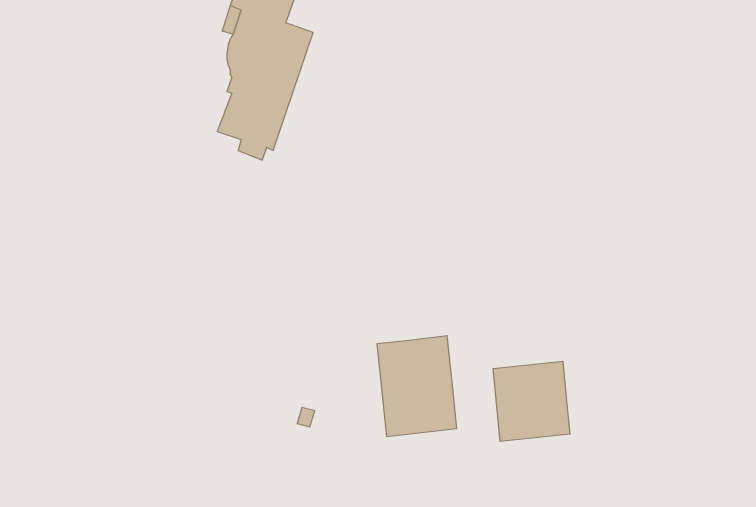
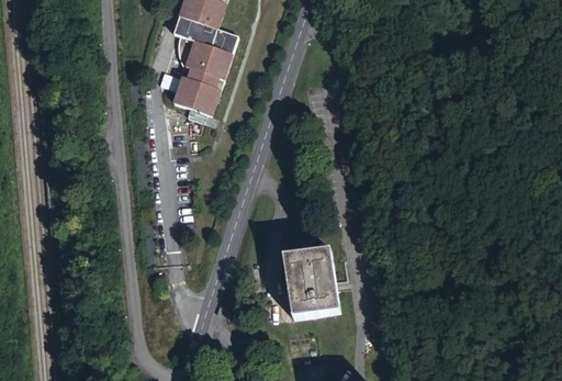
building: [493,361,570,441] -> none

